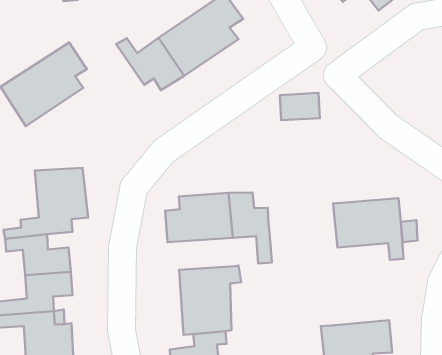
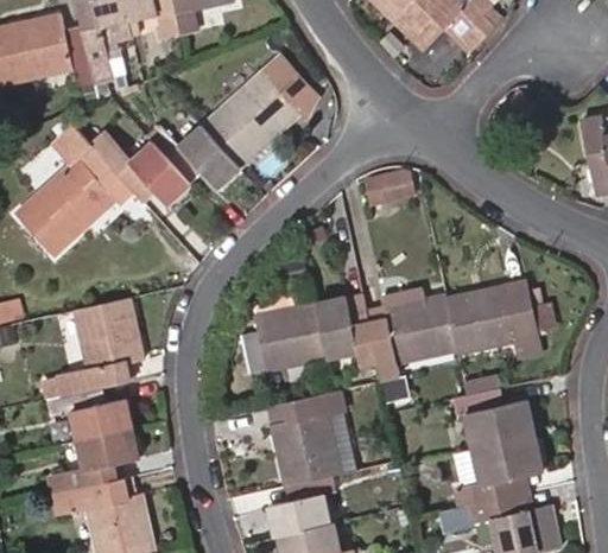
building: none -> [93,134,192,204]
building: none -> [368,294,458,369]
building: none -> [452,388,534,447]

